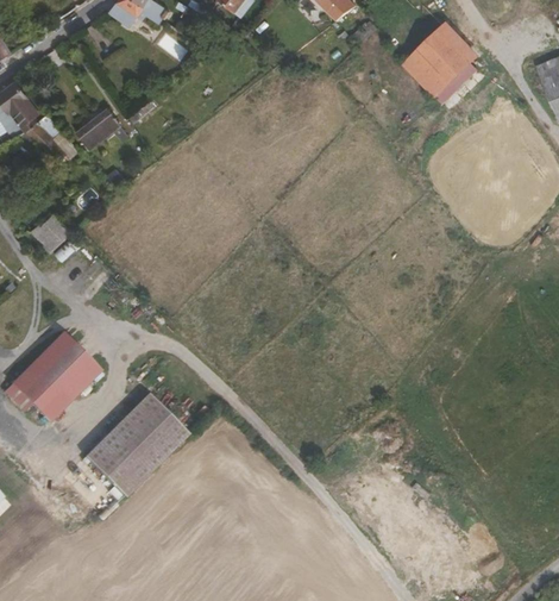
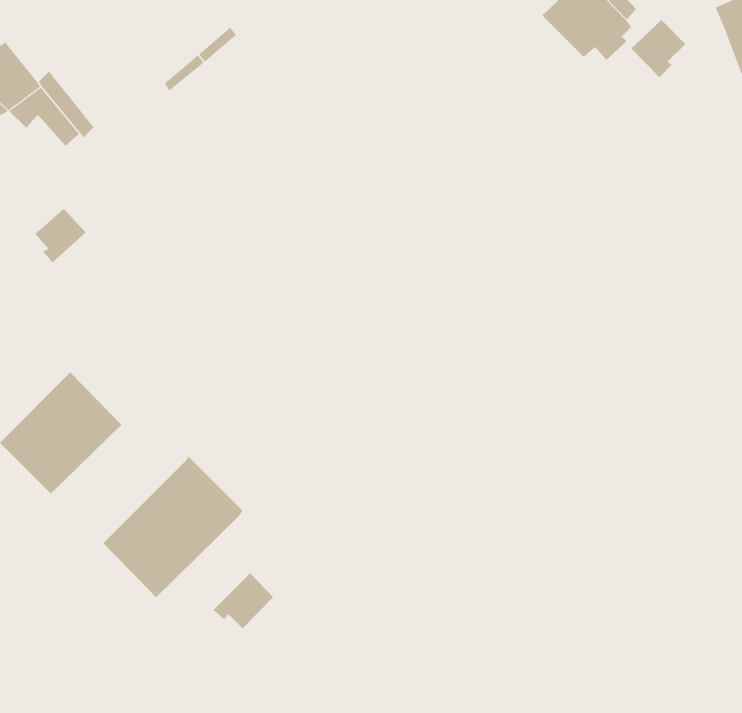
building: none -> [631,19,686,78]
building: [78,109,130,149] -> none
building: none -> [213,573,274,629]

